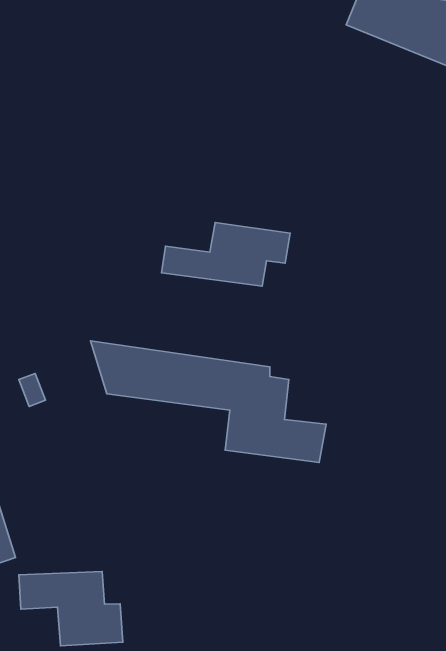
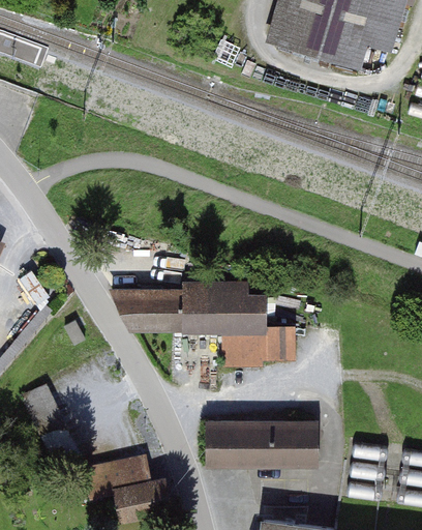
building: [162,222,290,286] -> none
building: none -> [205,423,317,463]

